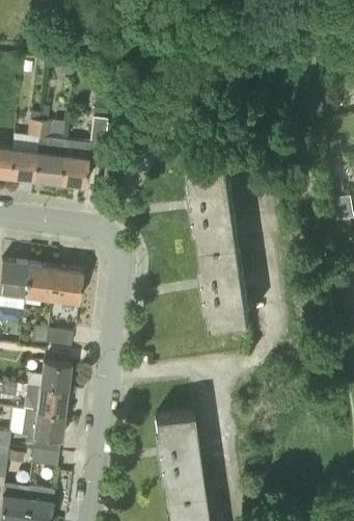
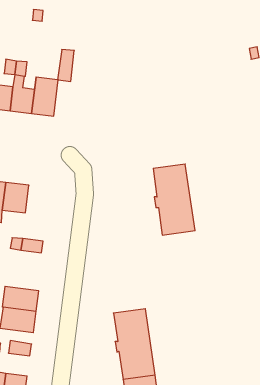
building: [189,163,238,246] -> none
building: [51,266,82,302] -> none
building: [27,361,70,390] -> none

